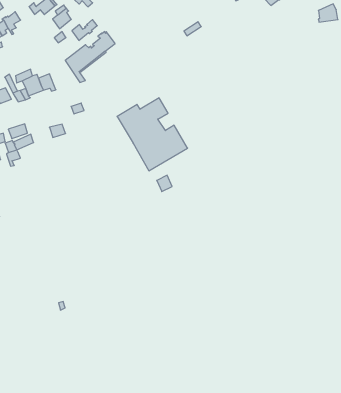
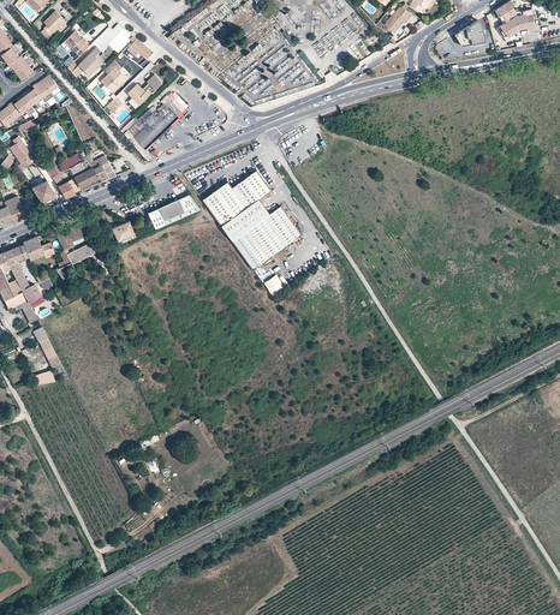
building: none -> [147,195,199,229]

